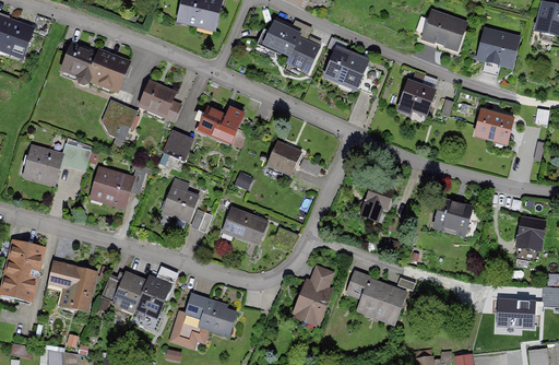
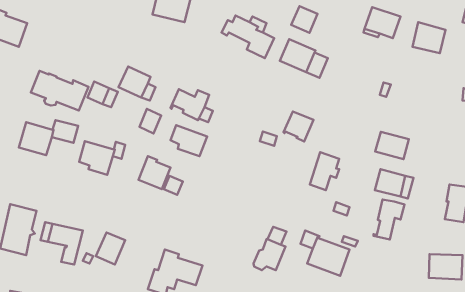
building: none -> [291,6,318,33]
building: [60,44,127,90] -> [31,71,88,110]
building: [396,81,435,115] -> none
building: [474,110,513,142] -> [375,132,409,159]
building: [266,141,301,176] -> [283,111,314,142]
building: [224,208,266,244] -> [170,125,207,156]
building: none -> [373,199,404,240]
building: [129,278,168,330] -> none

